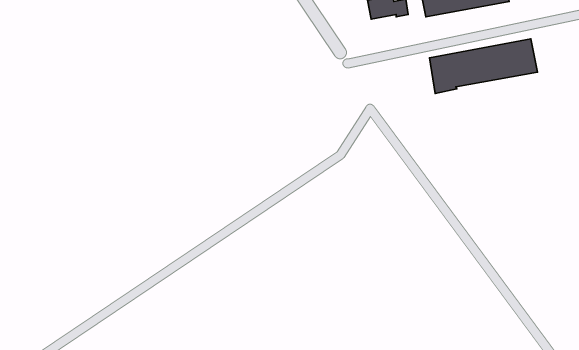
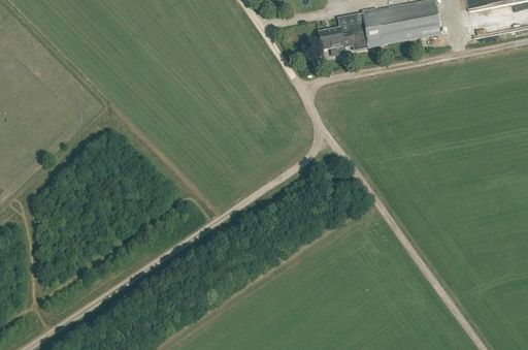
building: [429,39,537,94] -> none

